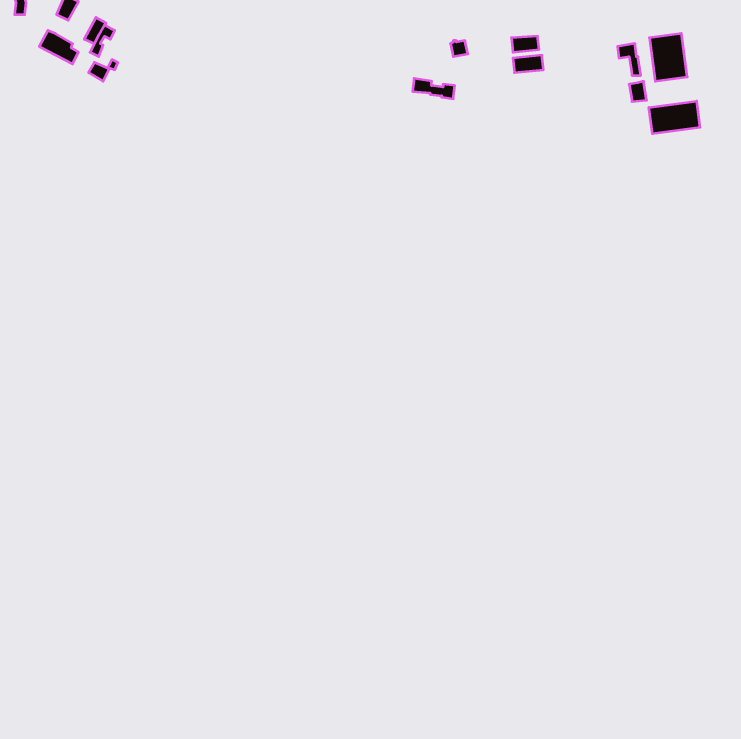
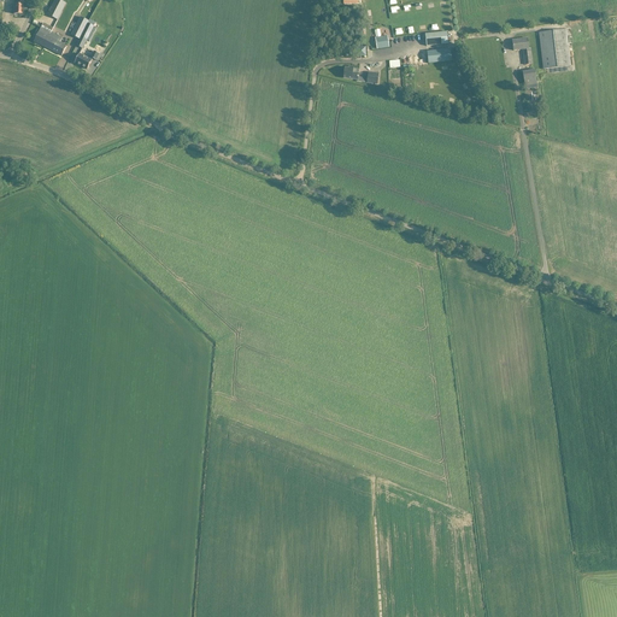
building: [649,101,700,134] -> none

